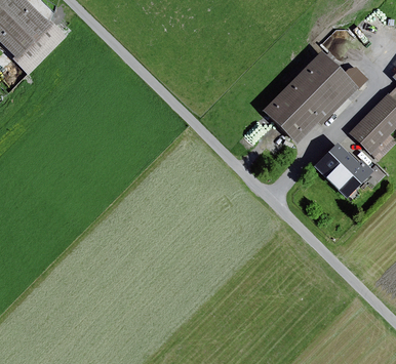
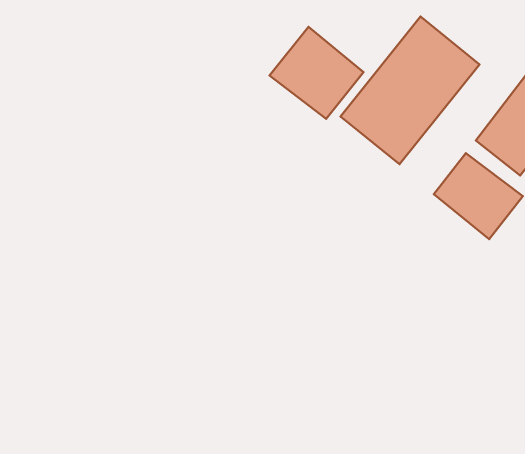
building: none -> [270,27,363,119]

